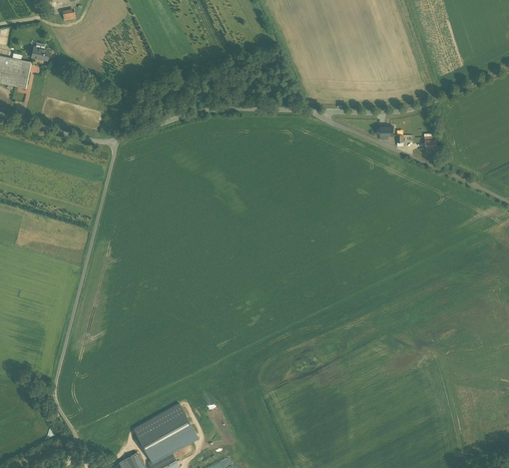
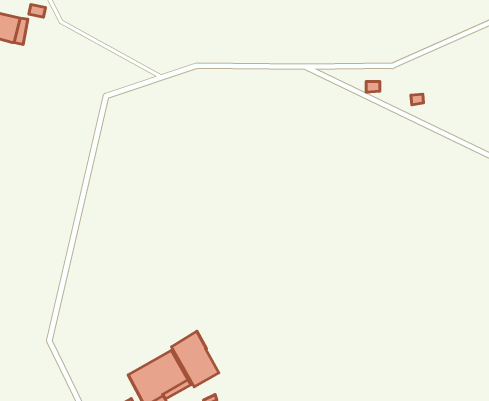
building: none -> [171,331,219,387]

